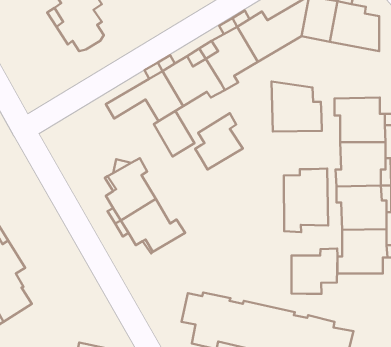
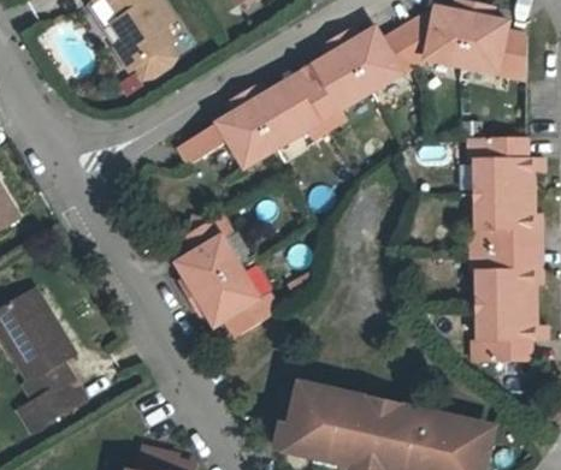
building: [272,82,322,132] -> none
building: [154,111,195,157] -> none
building: [195,113,243,170] -> none
building: [284,169,328,232] -> none
building: [291,248,337,294] -> none

